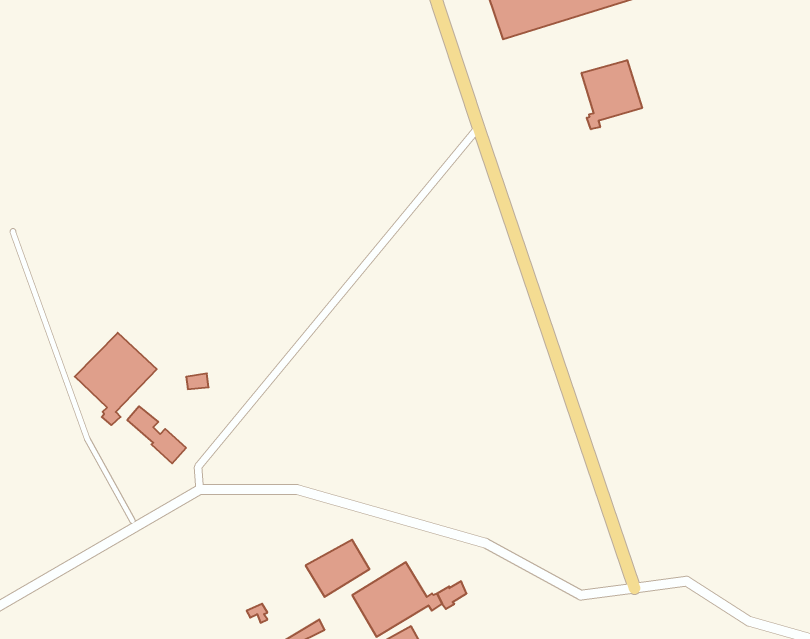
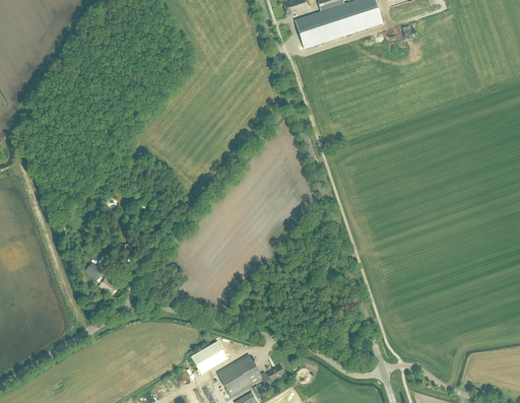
building: [582,60,642,129] -> none
building: [75,333,157,425] -> none

